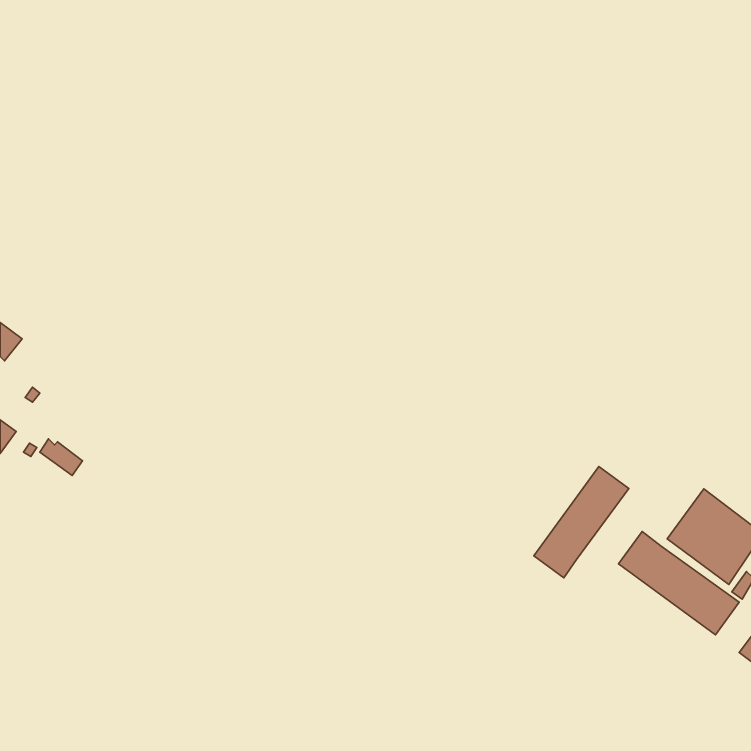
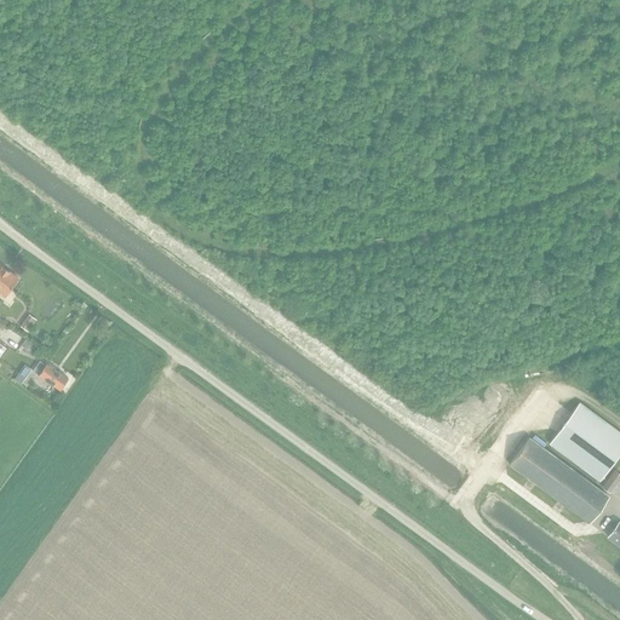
building: [534,466,629,578] -> none

